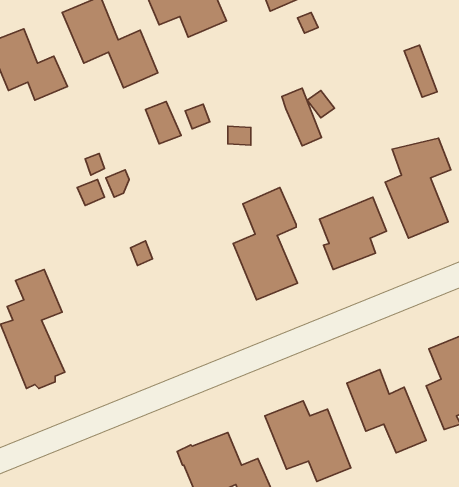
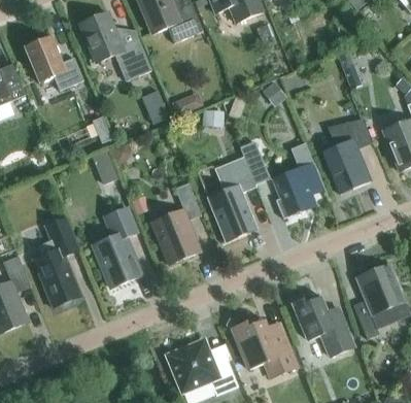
building: [282,88,321,146] -> [240,140,270,183]
building: none -> [151,182,201,264]
building: none -> [93,207,141,288]

